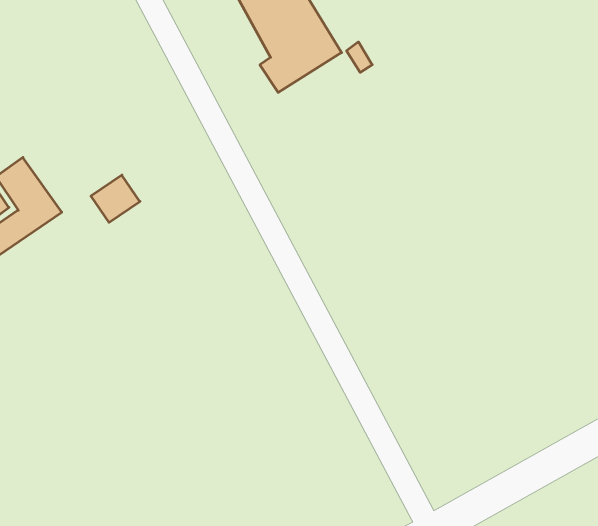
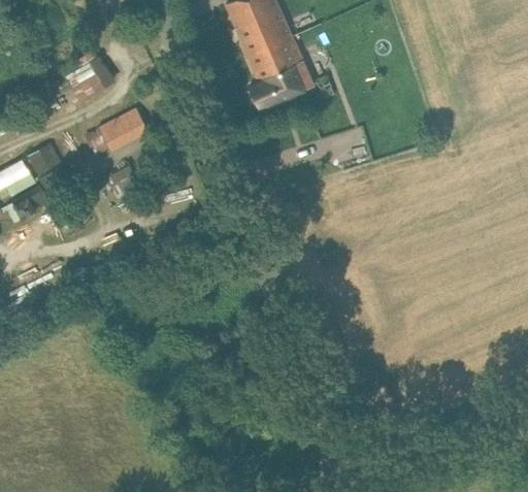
building: none -> [62,55,112,102]
building: none -> [102,112,143,149]

